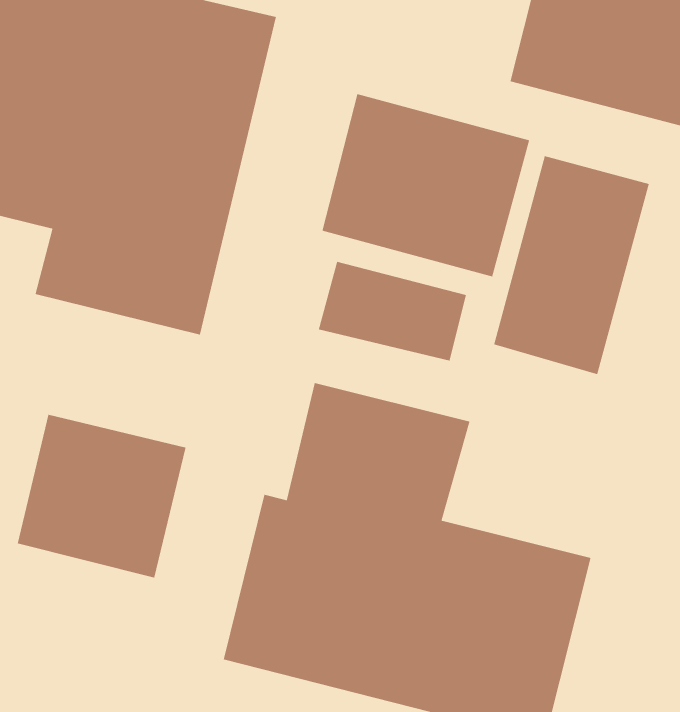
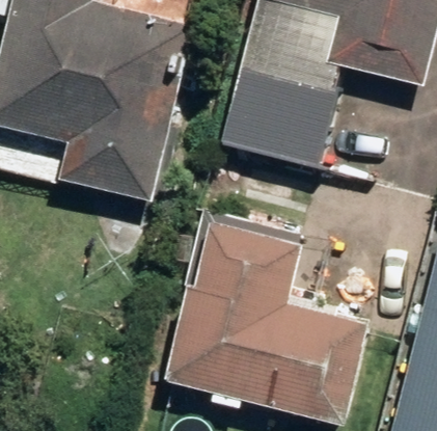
building: [493,155,650,375] -> none
building: [17,414,187,578] -> none

